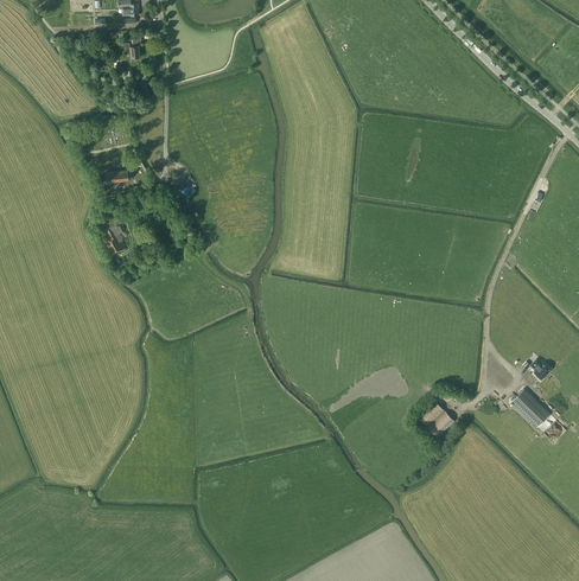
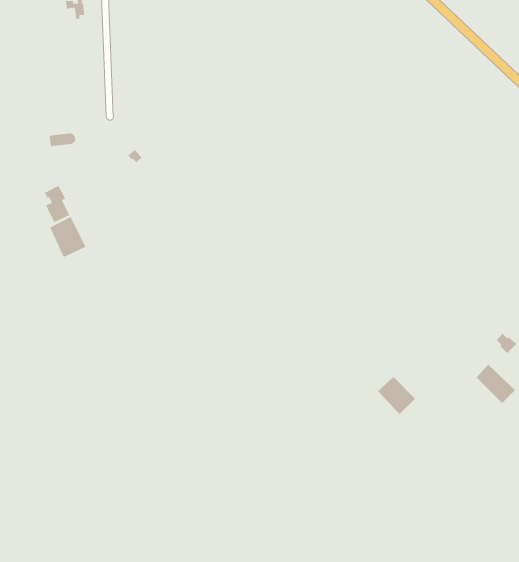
building: none -> [49,216,86,258]

